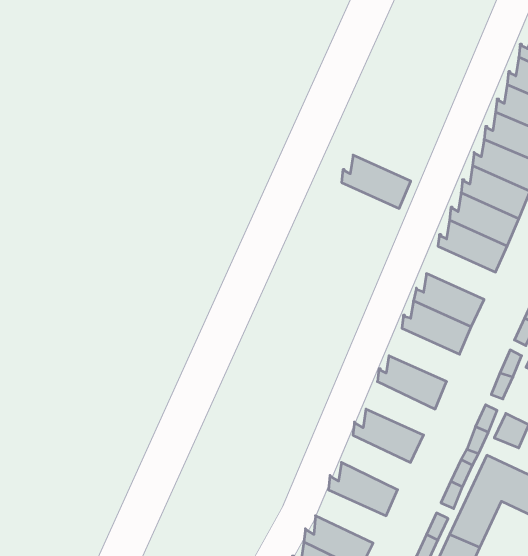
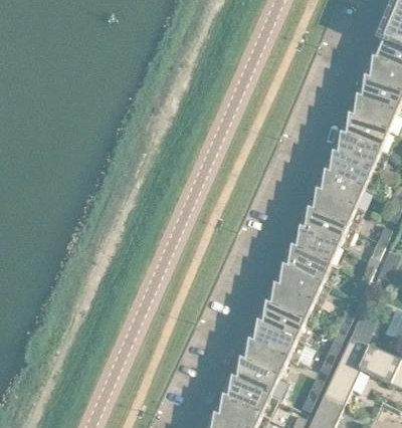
building: [342,155,411,208] -> [308,190,356,227]
building: none -> [281,247,331,284]
building: none -> [265,284,314,322]
building: none -> [248,322,296,360]
building: none -> [230,360,279,397]

